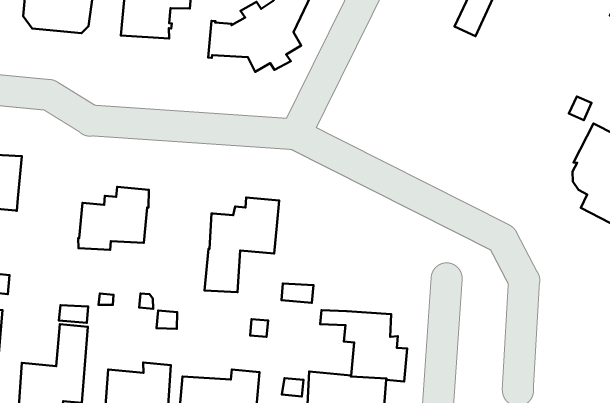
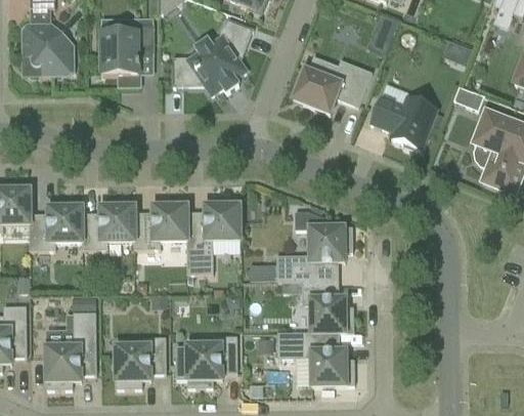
building: none -> [293,58,372,113]
building: none -> [369,94,436,149]
building: none -> [29,198,82,249]
building: none -> [134,196,187,248]
building: none -> [275,211,352,281]

